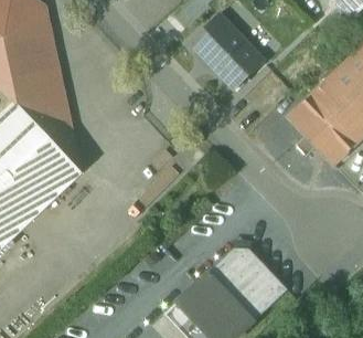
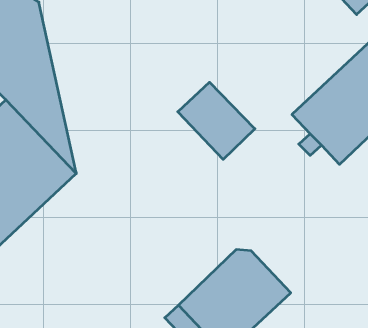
building: [189,13,264,88] -> [178,82,255,159]

